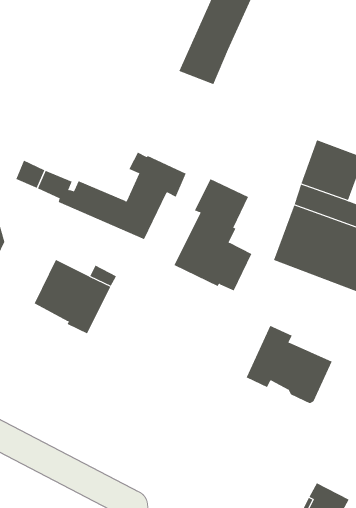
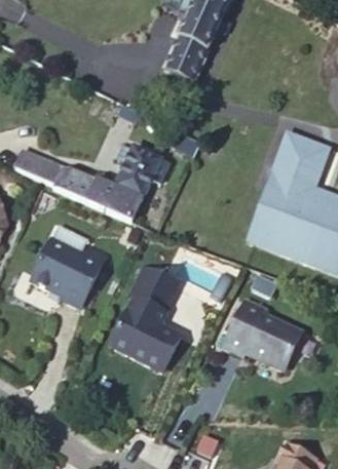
building: [174,178,252,291] -> [110,266,181,367]

